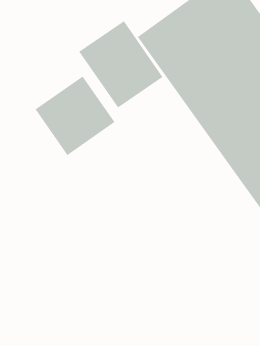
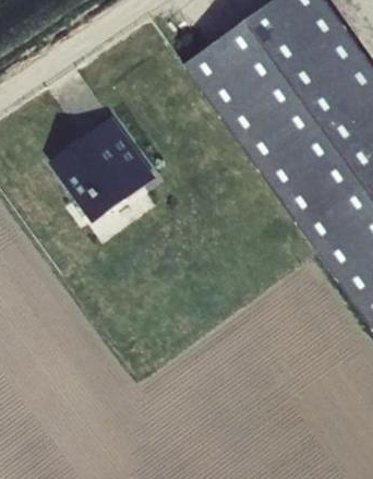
building: [78,20,164,109] -> none

